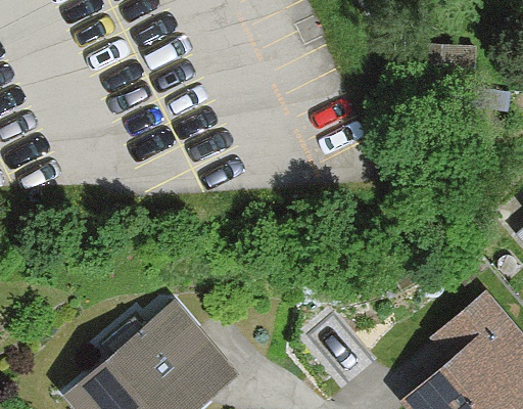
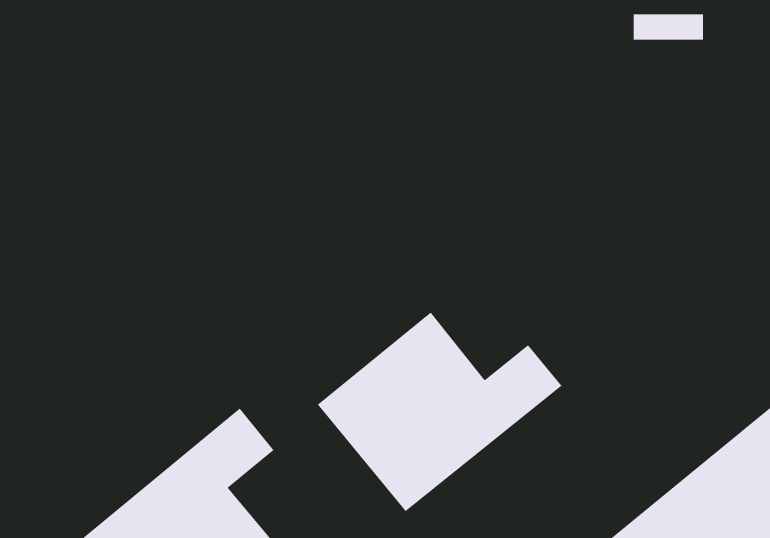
building: none -> [317,311,562,512]

